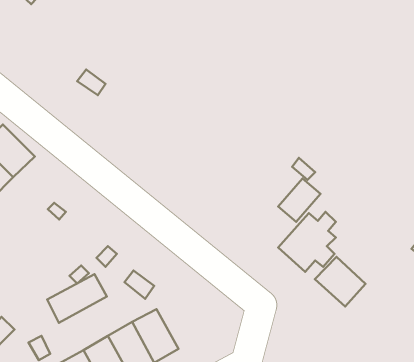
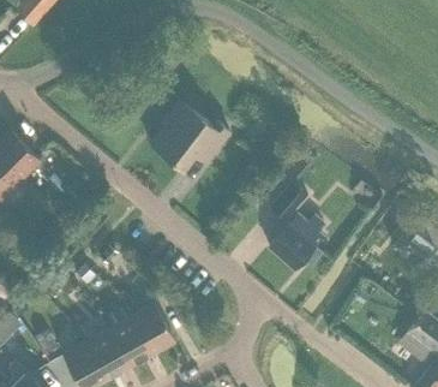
building: none -> [151,102,229,169]
building: [315,257,365,306] -> none
building: [47,274,107,323] -> none

